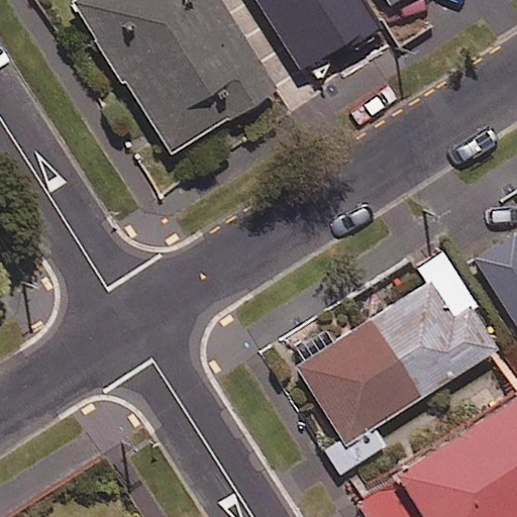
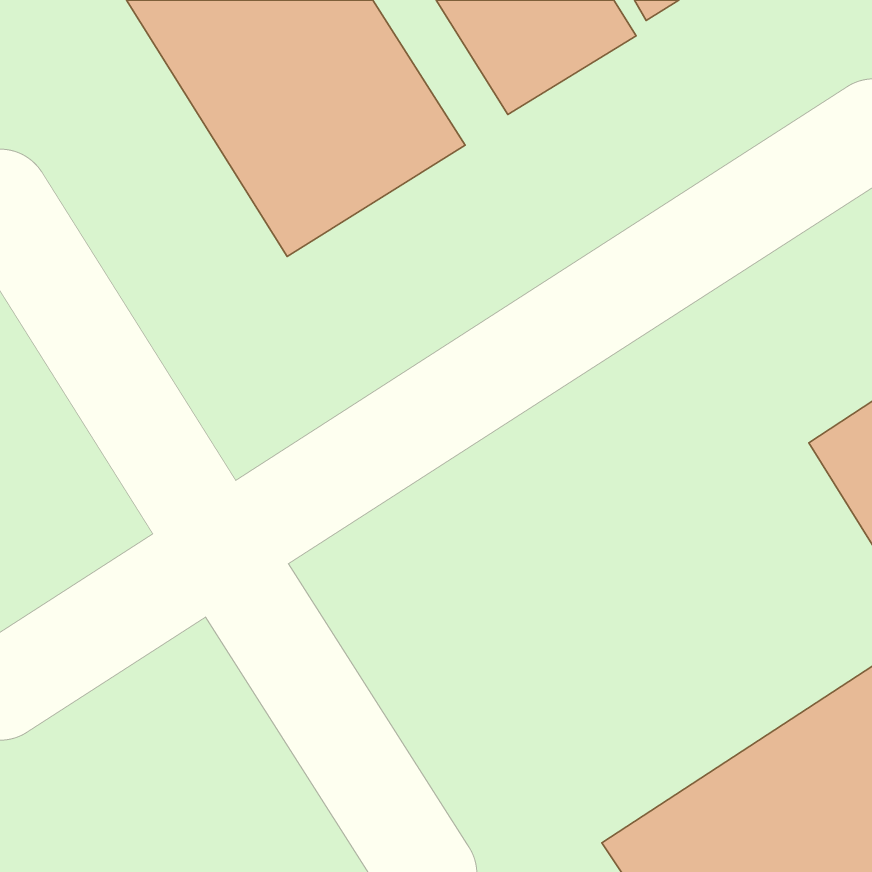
building: [296,252,499,473] -> none

